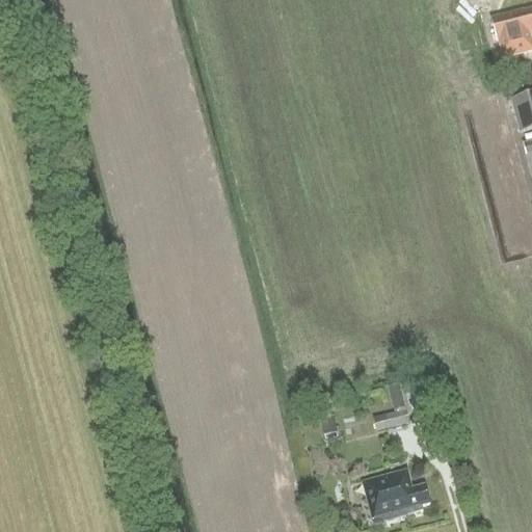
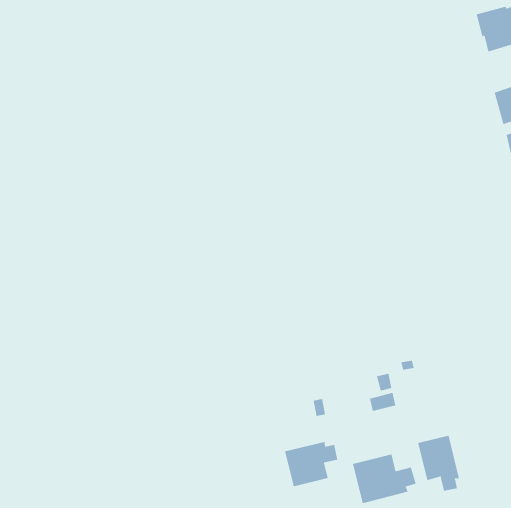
building: none -> [418,435,460,492]
building: none -> [284,441,338,487]

